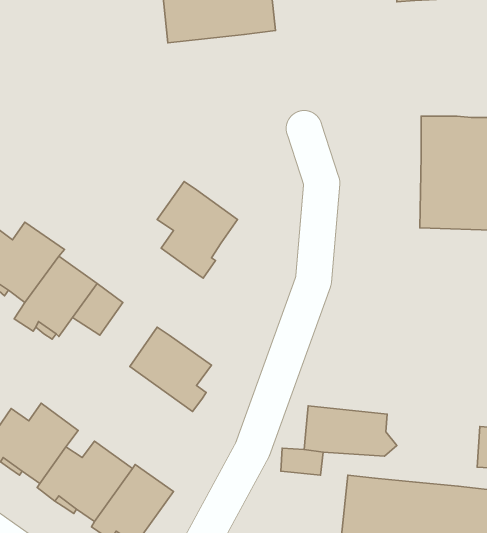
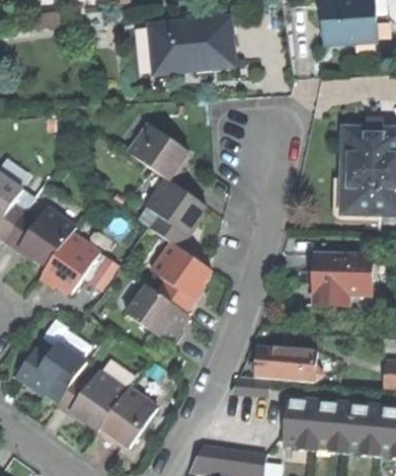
building: none -> [128,122,187,182]
building: none -> [149,242,210,313]
building: none -> [314,253,371,304]

